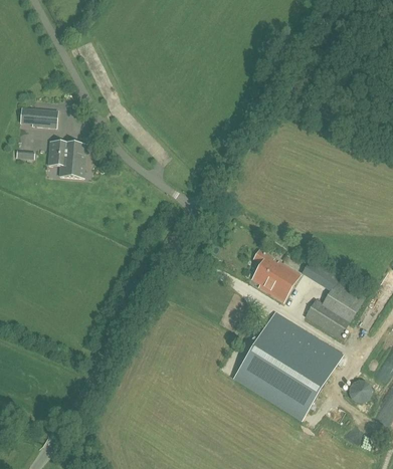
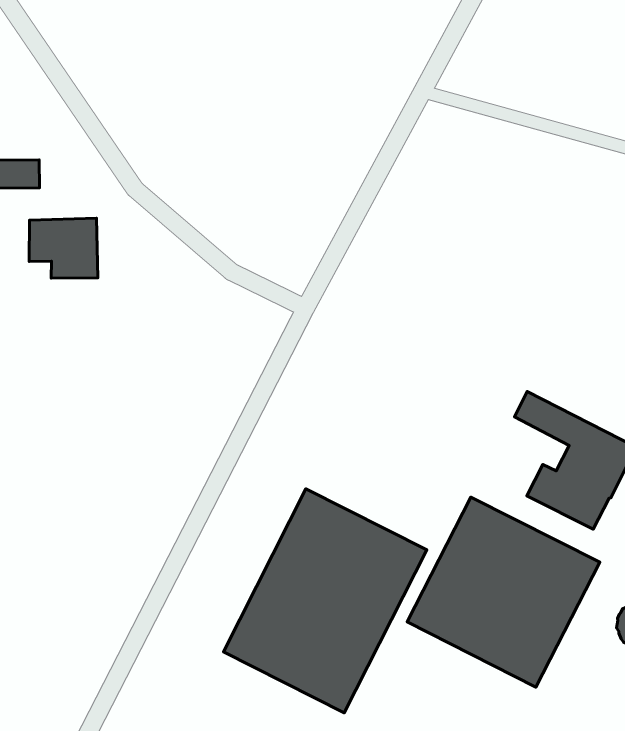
building: [252,249,300,301] -> none
building: none -> [223,489,427,713]

